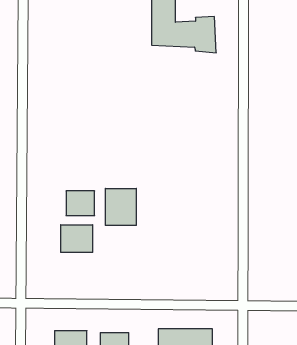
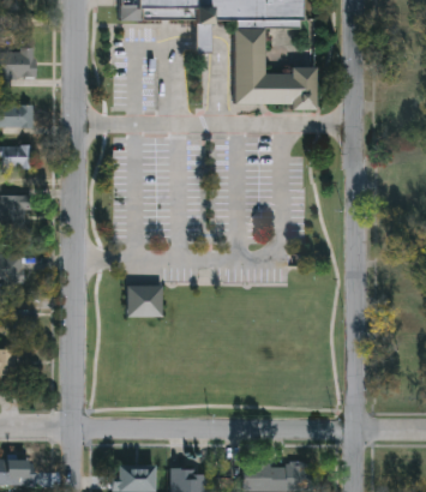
building: [105,188,136,225] -> none
building: [61,225,93,252] -> none

